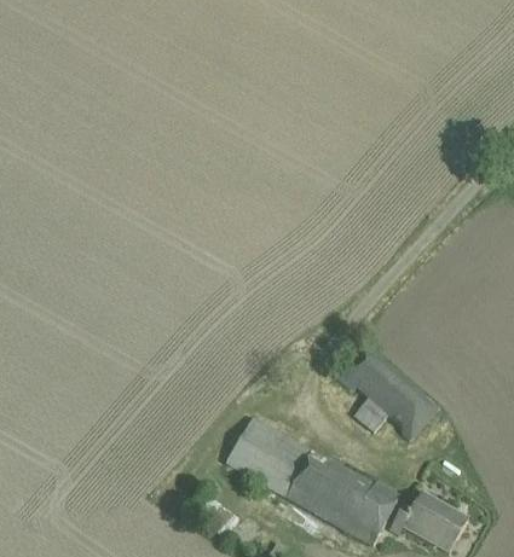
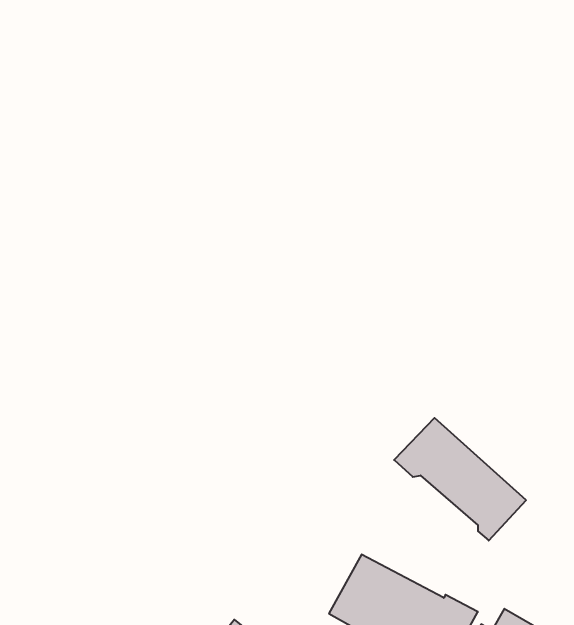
building: [224,418,310,495] -> none

